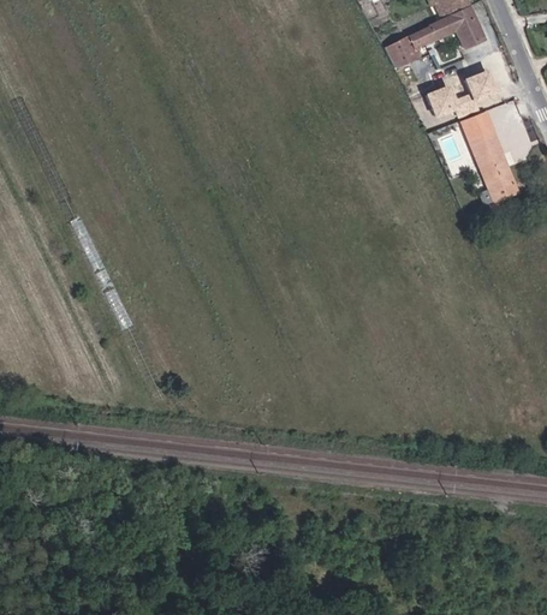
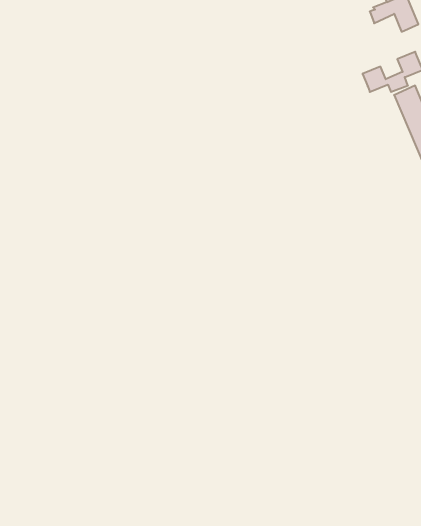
building: [380,26,436,68] -> none

